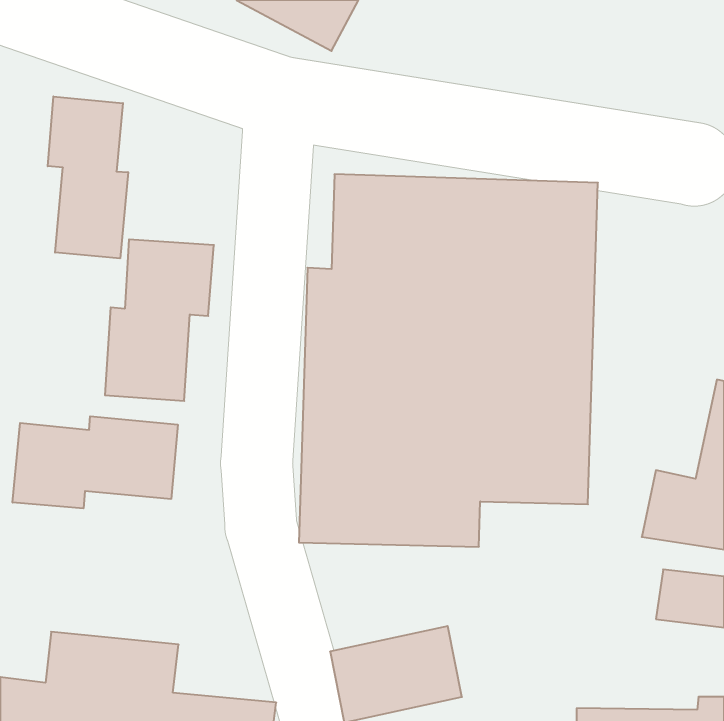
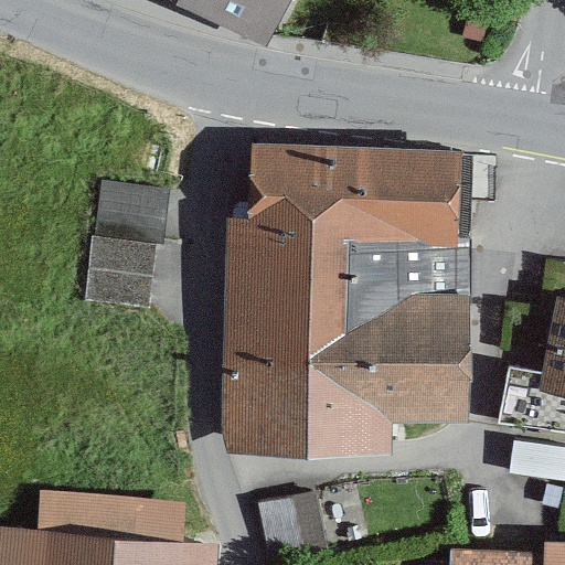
building: [48,96,128,258] -> none
building: [13,416,178,508] -> none

